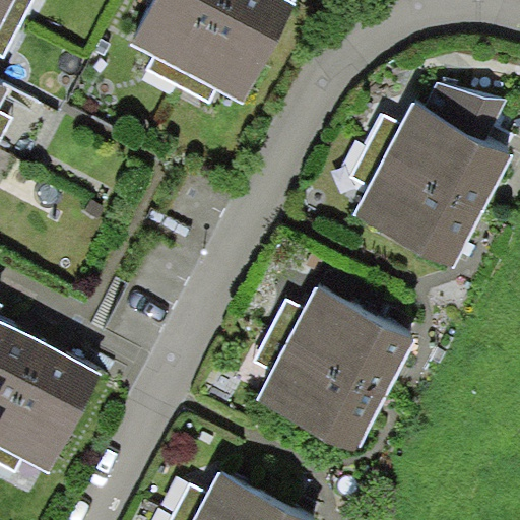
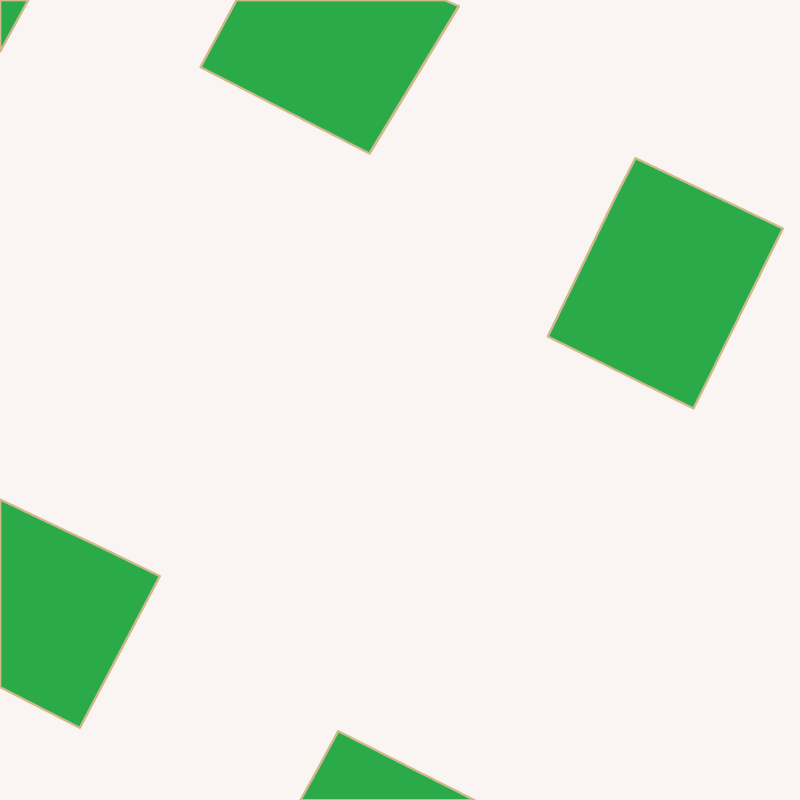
building: [257,288,413,451] -> none

